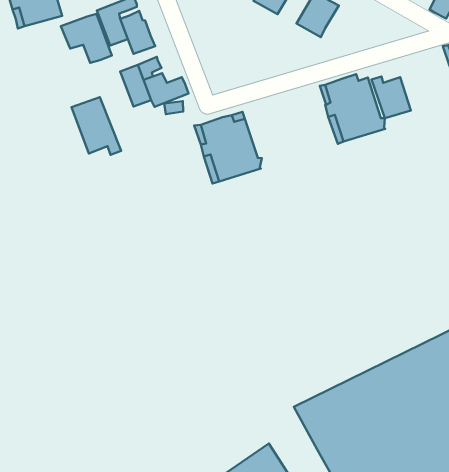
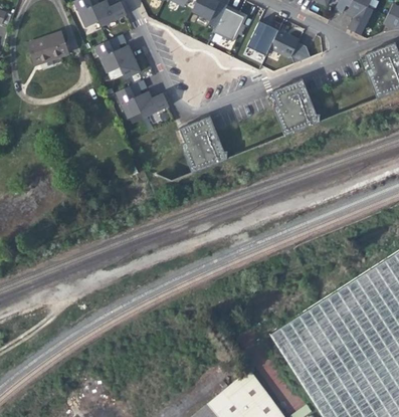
building: none -> [269,30,298,56]
building: [61,14,112,63] -> none
building: [371,77,411,118] -> none
building: [71,97,121,155] -> none

